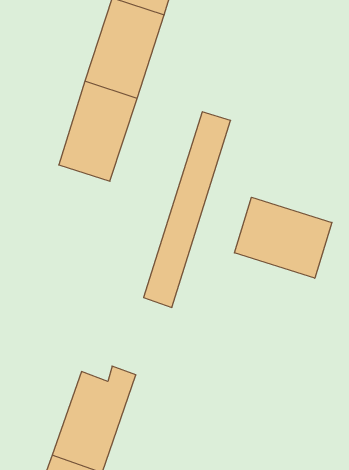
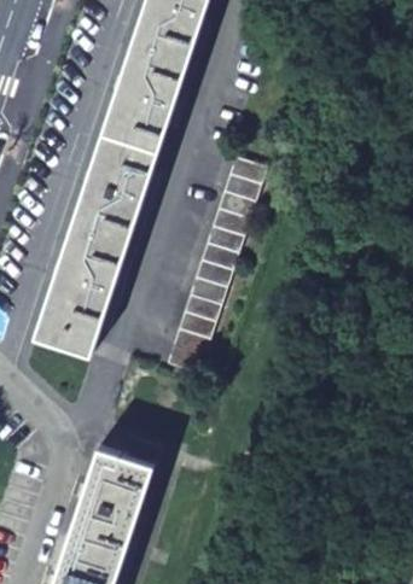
building: none -> [35,223,129,356]
building: [234,197,332,278] -> none

